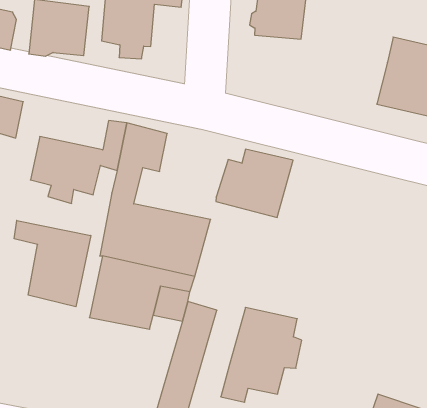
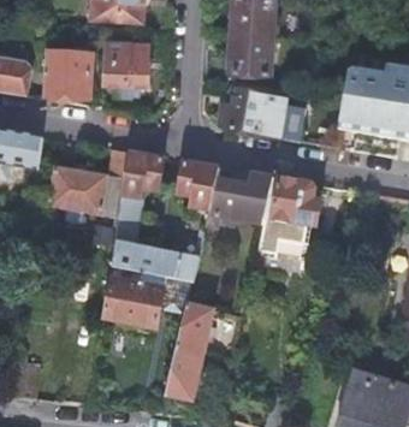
building: none -> [214,89,306,140]
building: none -> [178,162,218,212]
building: [14,220,91,307] -> none
building: [221,307,302,402] -> [254,177,320,257]

